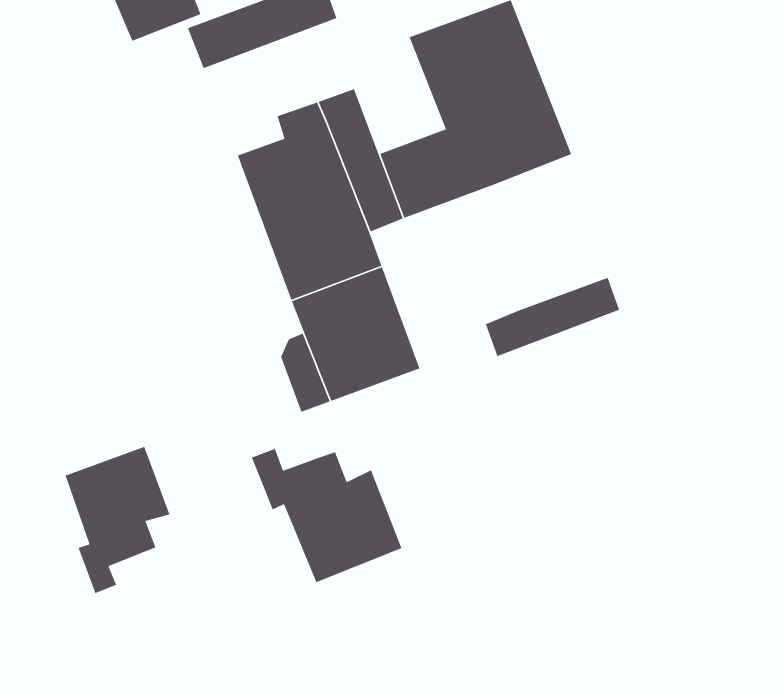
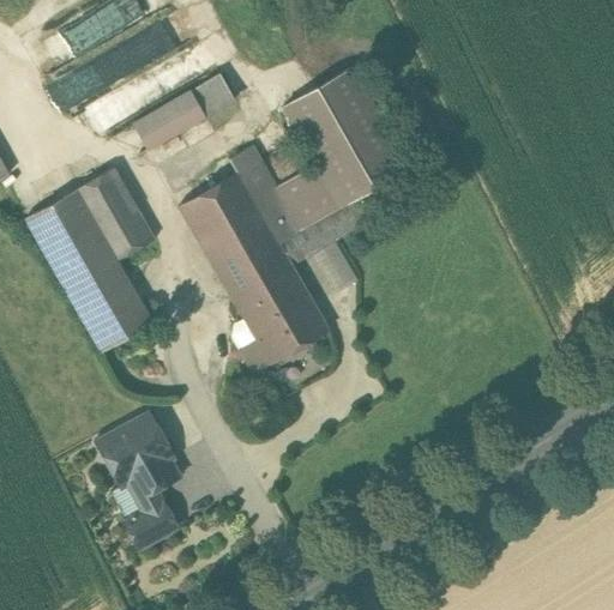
building: none -> [25,168,155,351]
building: [485,277,620,357] -> [279,198,371,265]
building: [251,448,403,583] -> none
building: none -> [125,489,176,548]

